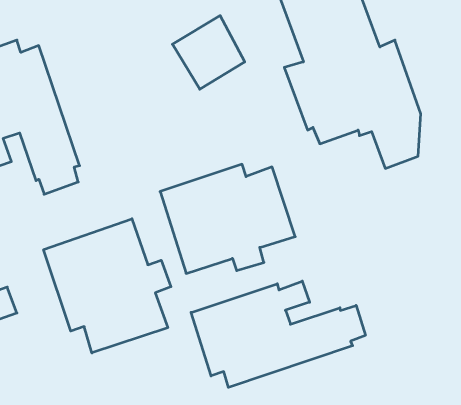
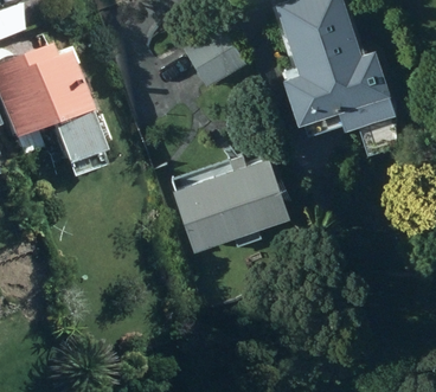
building: [44,219,171,353] -> none
building: [191,281,365,387] -> none

